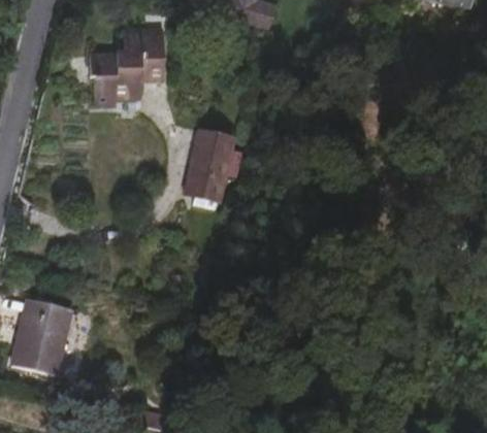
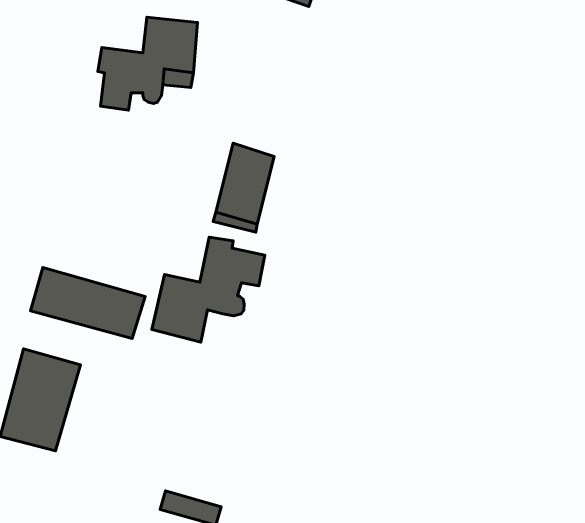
building: none -> [152,237,265,342]
building: none -> [31,267,145,338]

